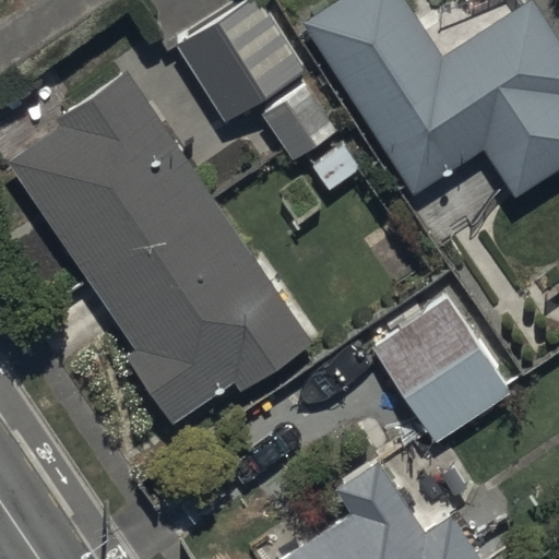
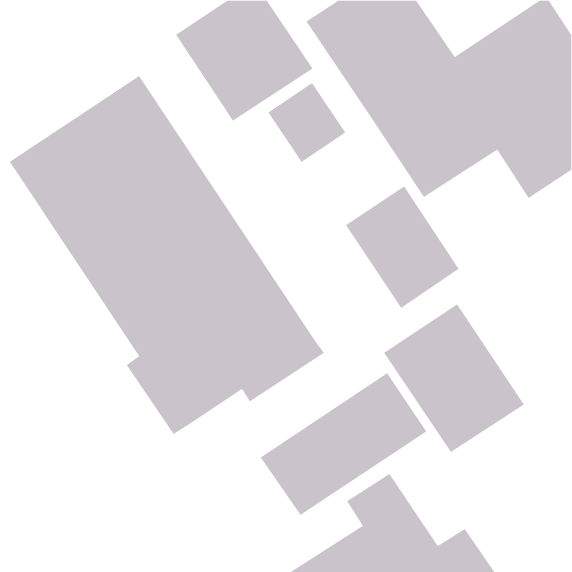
building: none -> [345,185,459,309]
building: none -> [260,372,427,516]

